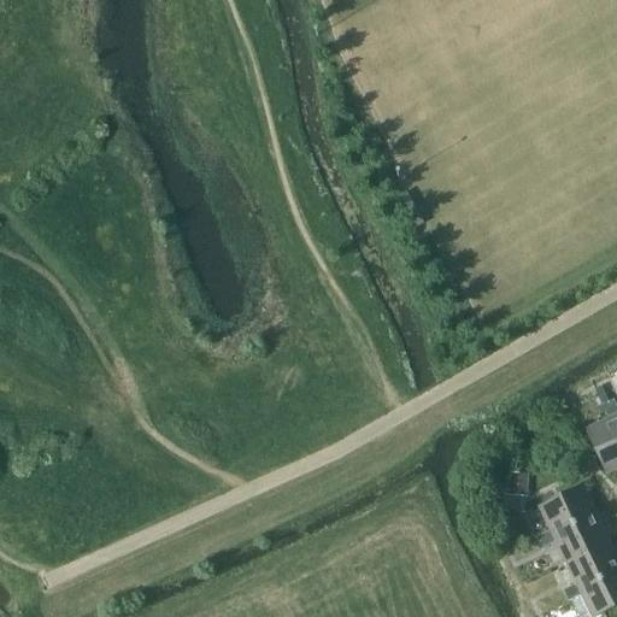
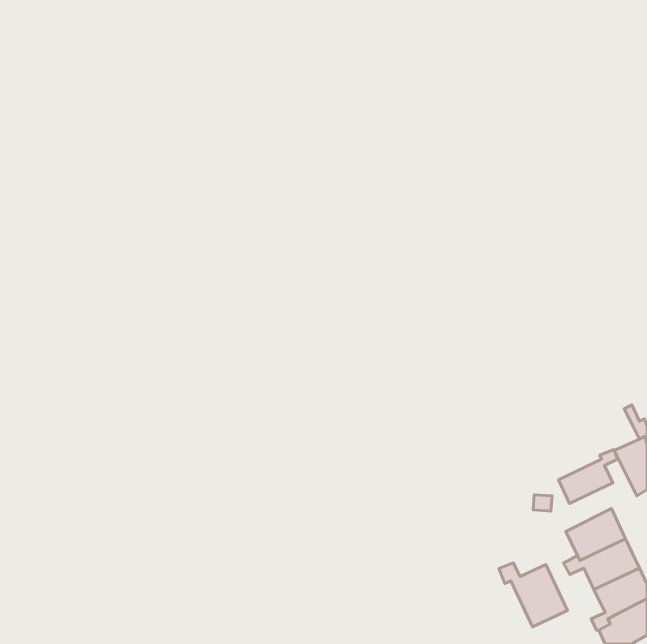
building: none -> [558,449,617,503]
building: none -> [499,563,568,627]

